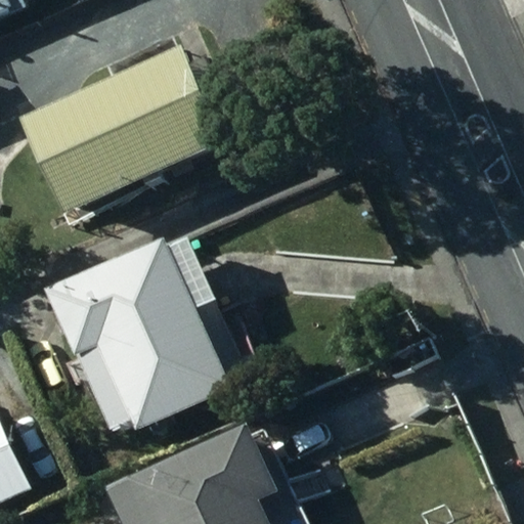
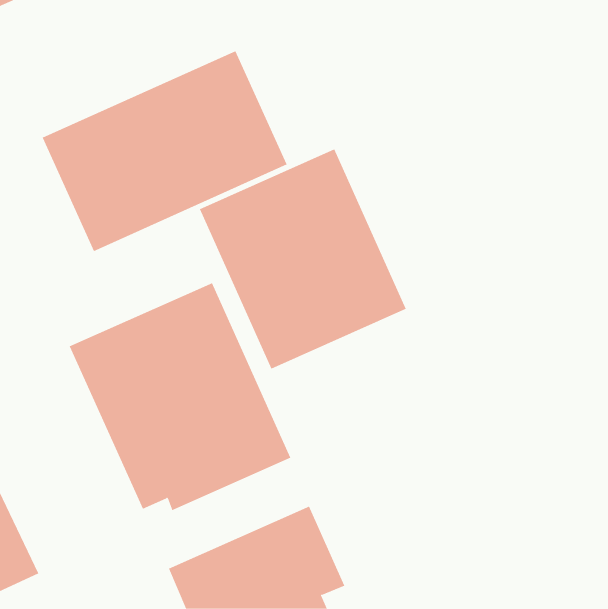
building: none -> [199,148,406,369]

